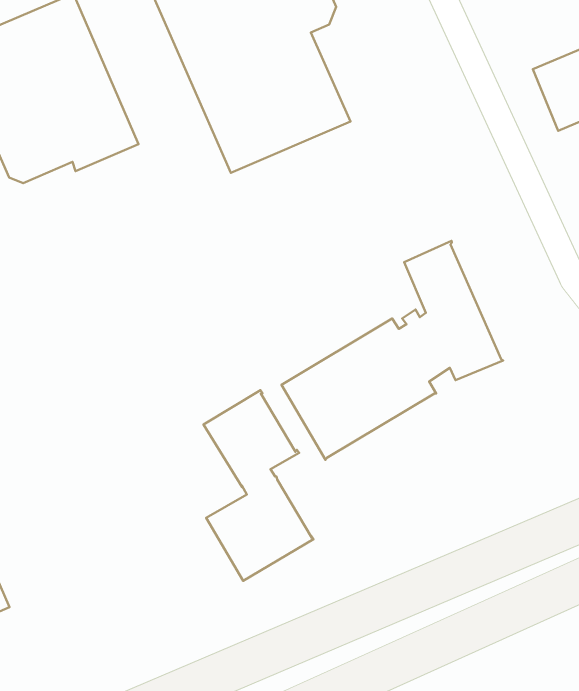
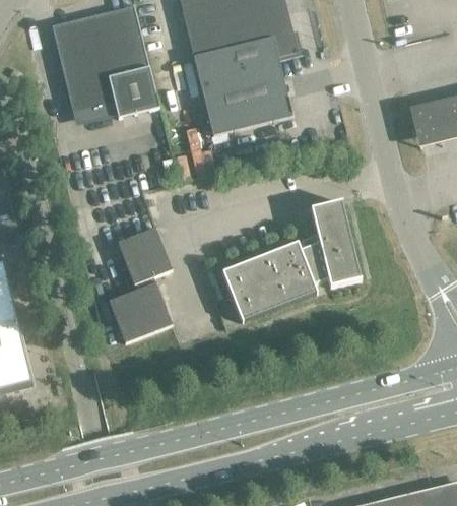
building: [204,390,314,581] -> [109,227,173,342]

